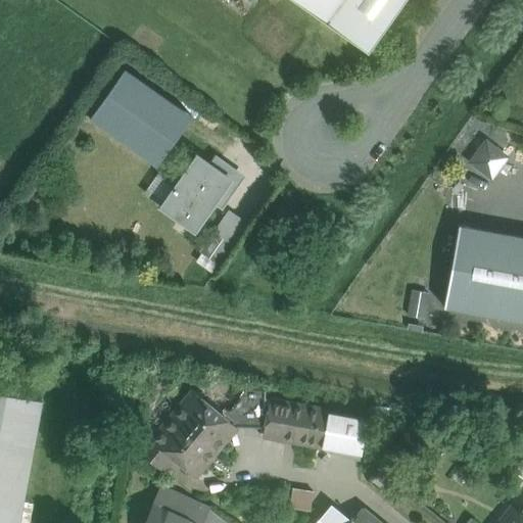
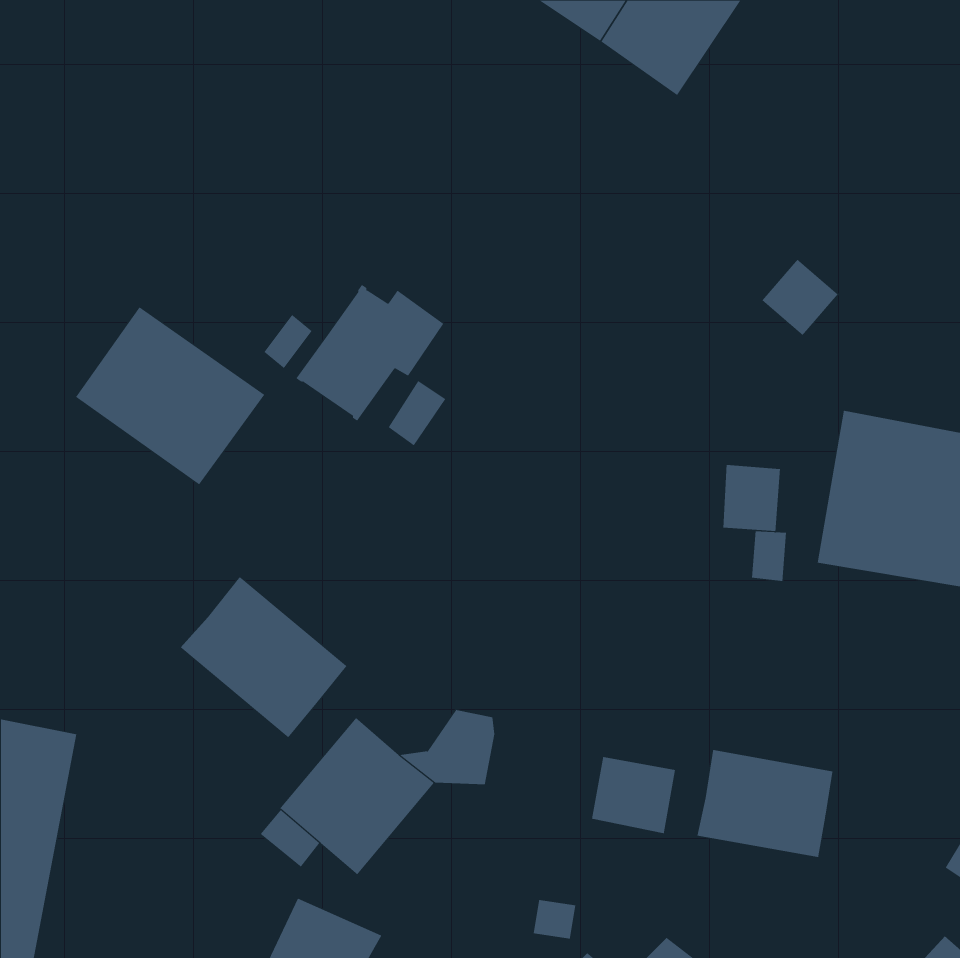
building: [90,70,193,168] -> [75,306,265,485]
building: [468,138,510,180] -> [761,259,839,336]
building: none -> [723,464,781,532]
building: none -> [180,576,348,738]
building: [264,400,328,446] -> none
building: none -> [697,749,834,858]

